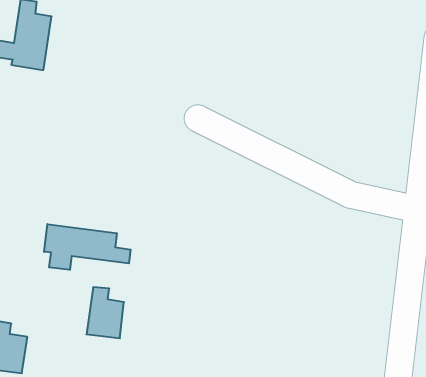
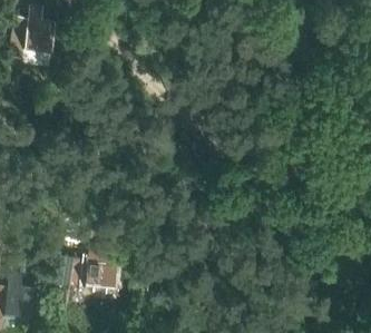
building: [44,224,131,270] -> none

